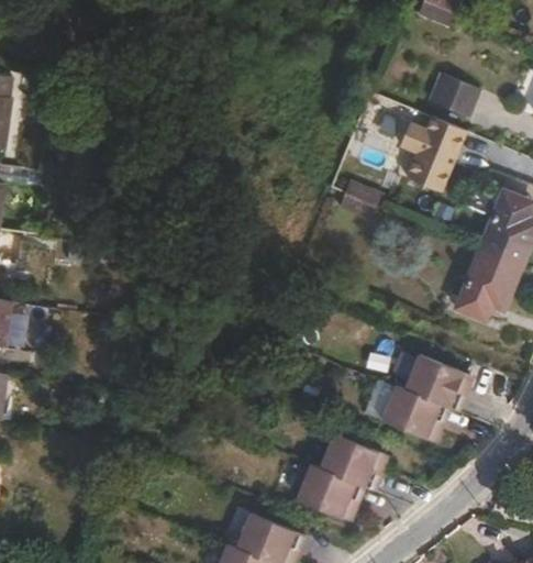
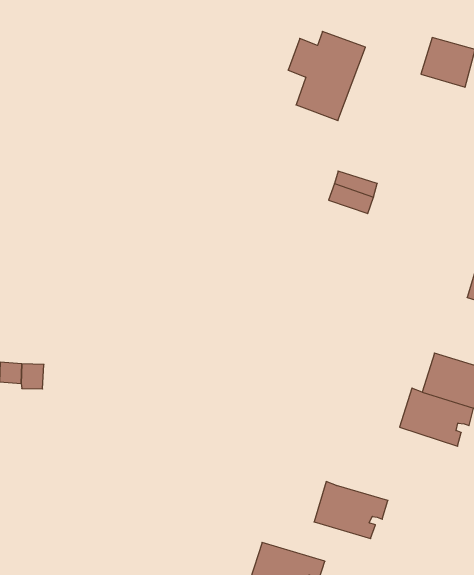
building: [398,121,469,202] -> [288,31,365,121]
building: [321,432,386,488] -> none

